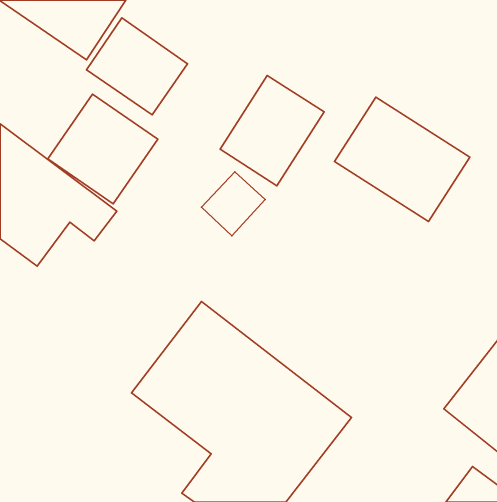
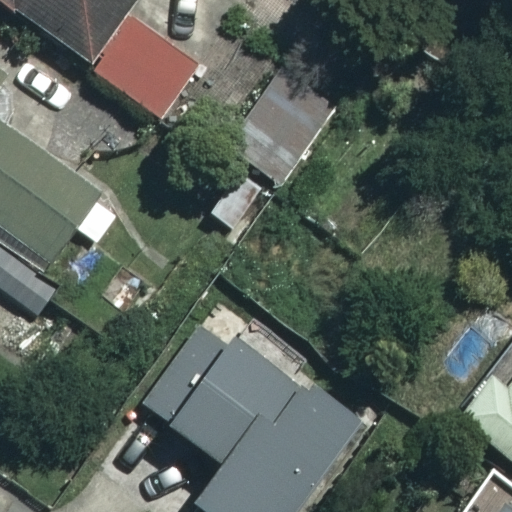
building: [48,94,158,204] -> none
building: [335,97,470,222] -> none

